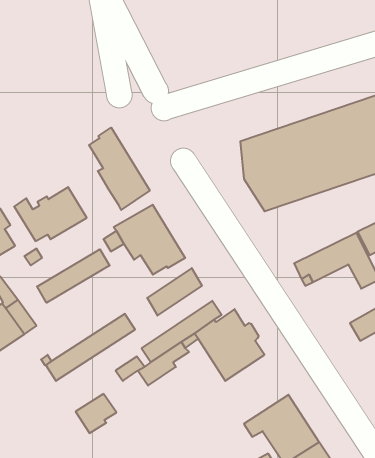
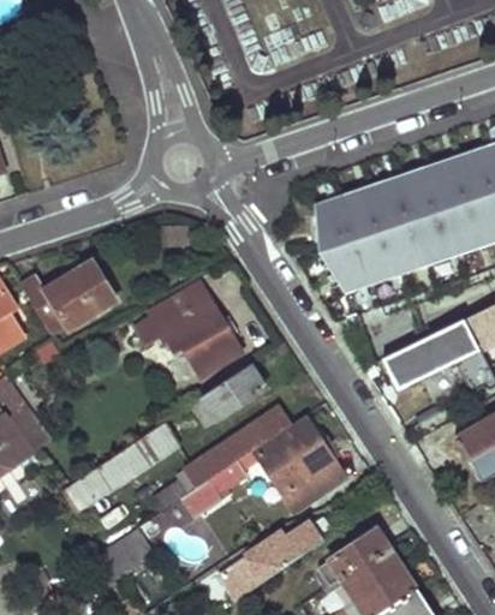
building: [89,128,150,210] -> none
building: [37,249,110,303] -> none
building: none -> [217,517,333,601]

